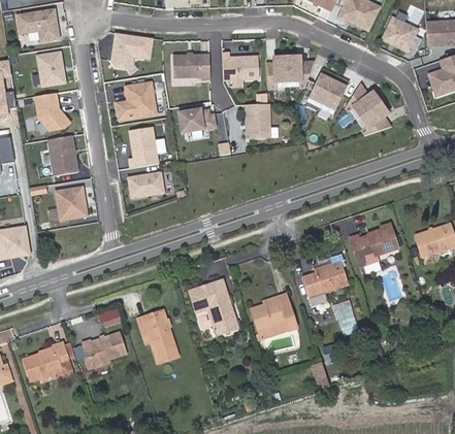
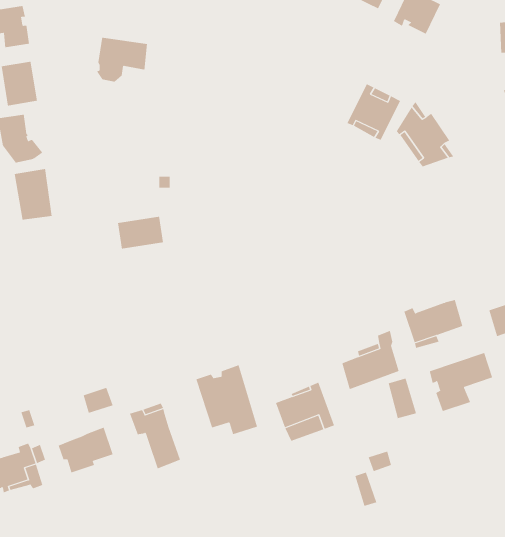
building: [381,13,417,48] -> none
building: [222,49,259,77] -> none
building: [172,52,209,76] -> none
building: [266,54,312,86] -> none
building: [117,79,156,116] -> none
building: [245,100,269,136] -> none
building: [177,105,215,130] -> none
building: [129,124,158,165] -> none
building: [56,183,88,218] -> none
building: none -> [429,352,493,412]

